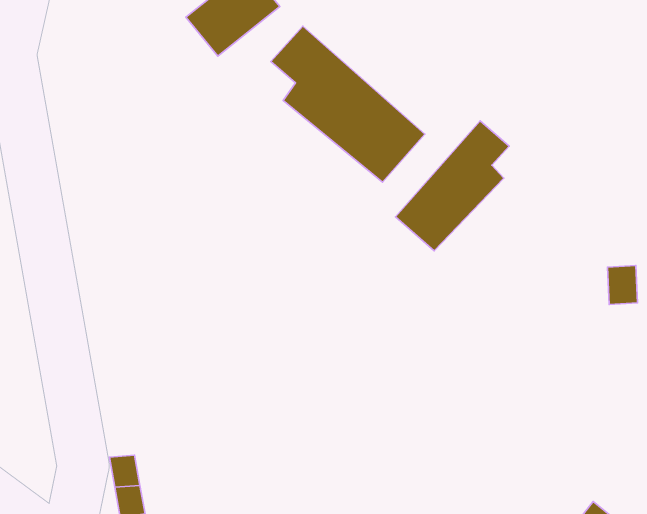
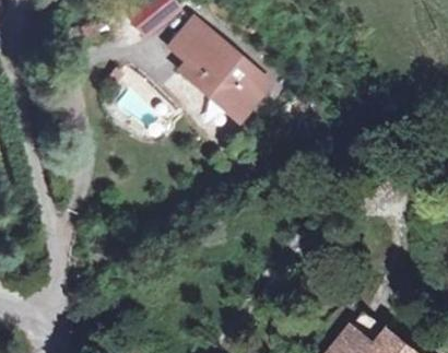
building: [396,121,509,251] -> none

